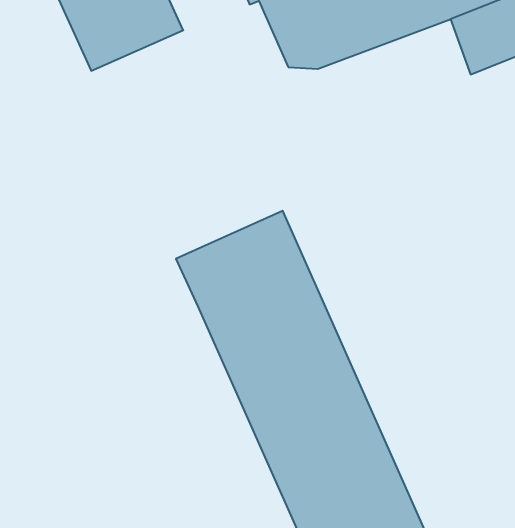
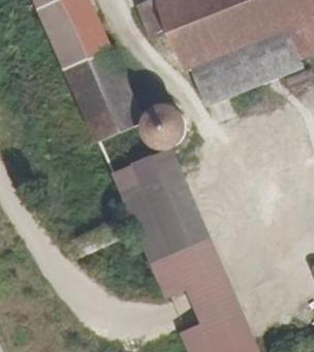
building: none -> [187,34,273,93]
building: none -> [60,40,182,141]

